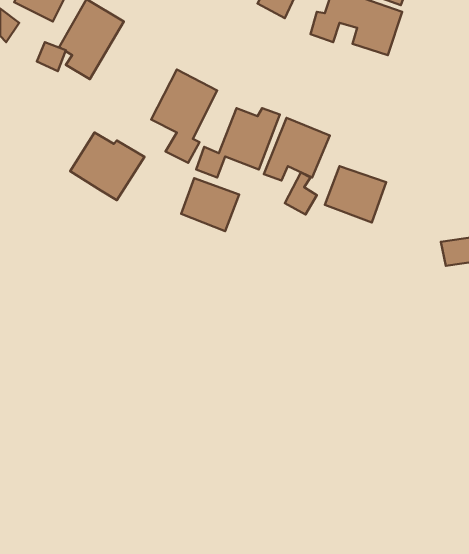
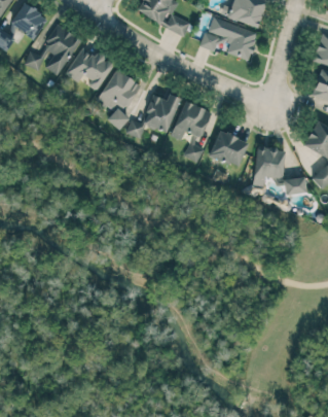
building: [70,133,144,200] -> [67,47,114,91]
building: [181,178,239,231] -> none
building: none -> [254,146,284,185]

